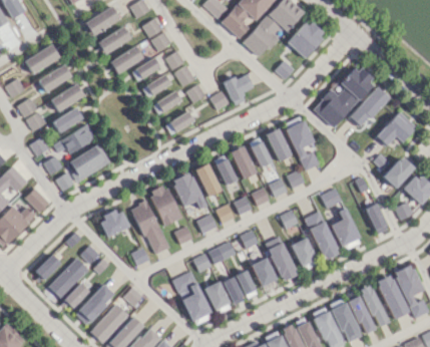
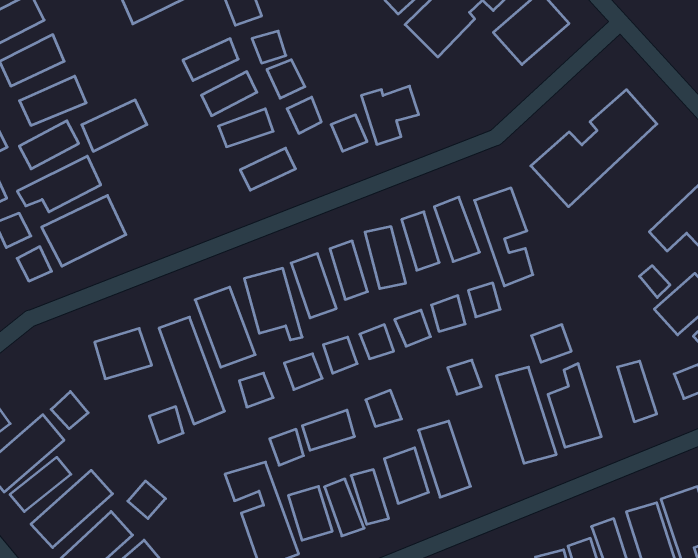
building: [110,46,143,74] -> [82,100,147,151]
building: [348,87,389,127] -> none
building: [292,239,318,271] -> none

